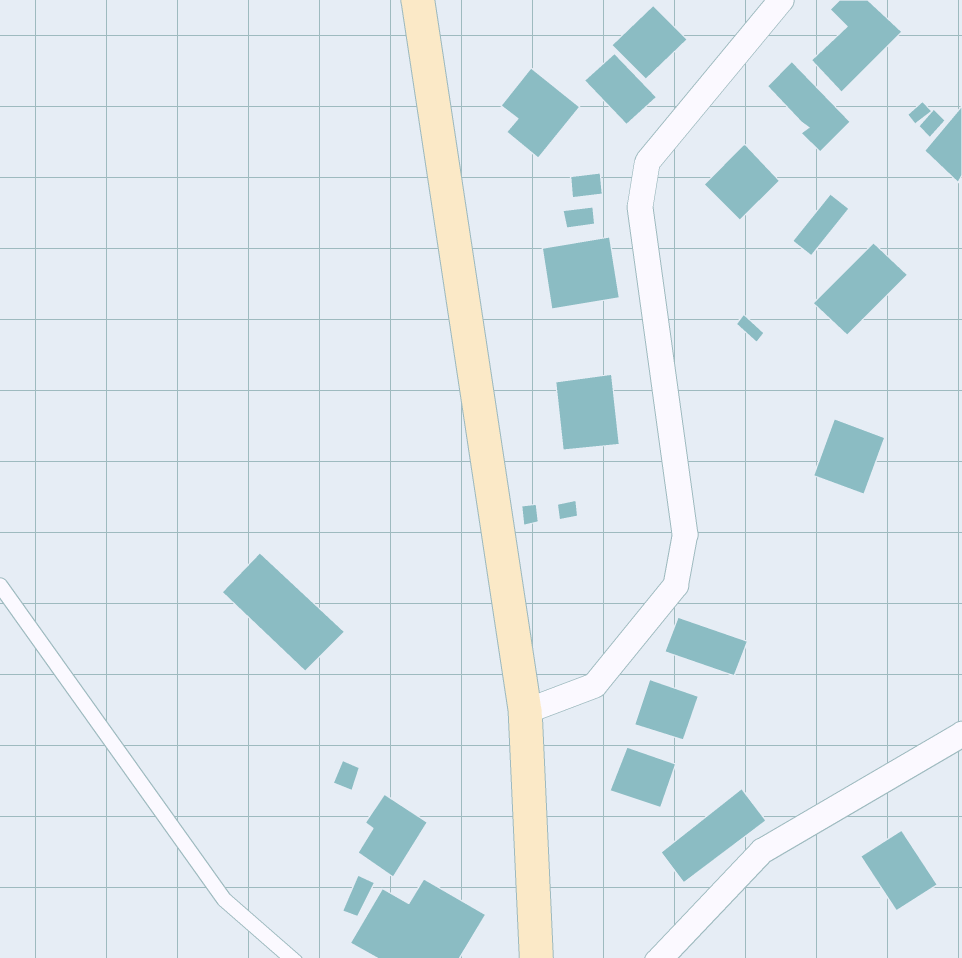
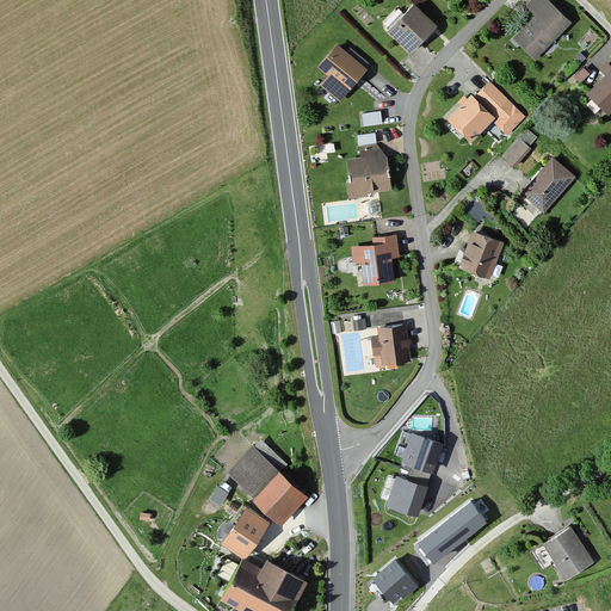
building: [584,53,657,124] -> none
building: [767,62,850,152] -> [473,79,525,136]
building: [813,419,885,494] -> [457,233,502,280]
building: none -> [371,325,409,369]
building: [222,553,345,671] -> [229,448,307,523]
building: [665,617,747,676] -> none
building: none -> [375,561,416,603]

